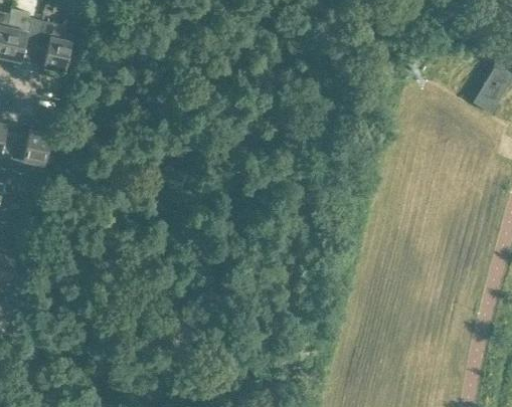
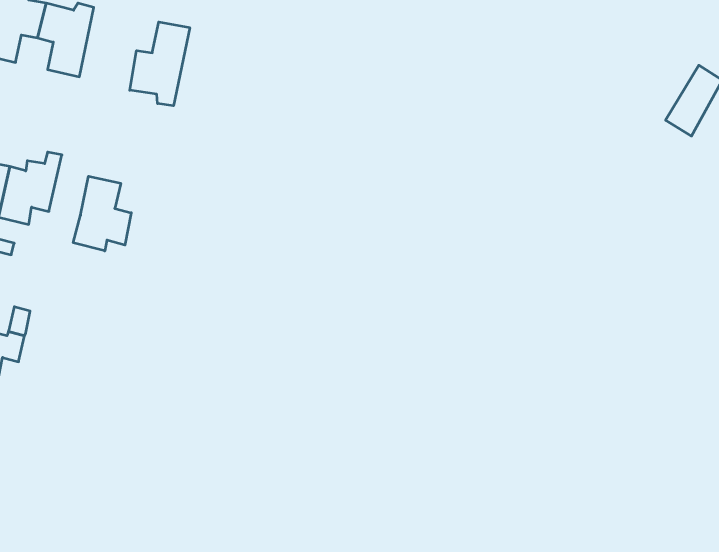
building: none -> [130,22,190,106]
building: none -> [73,176,131,251]

